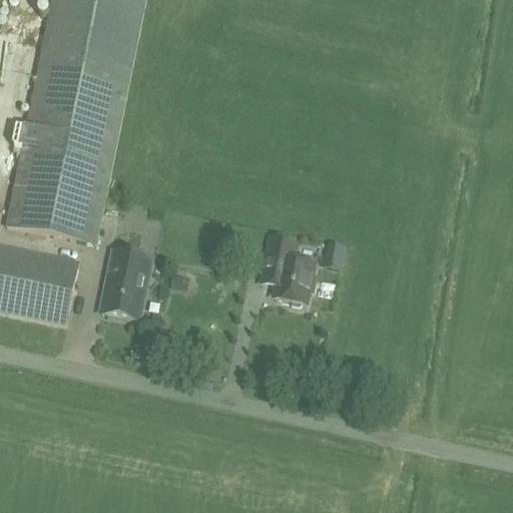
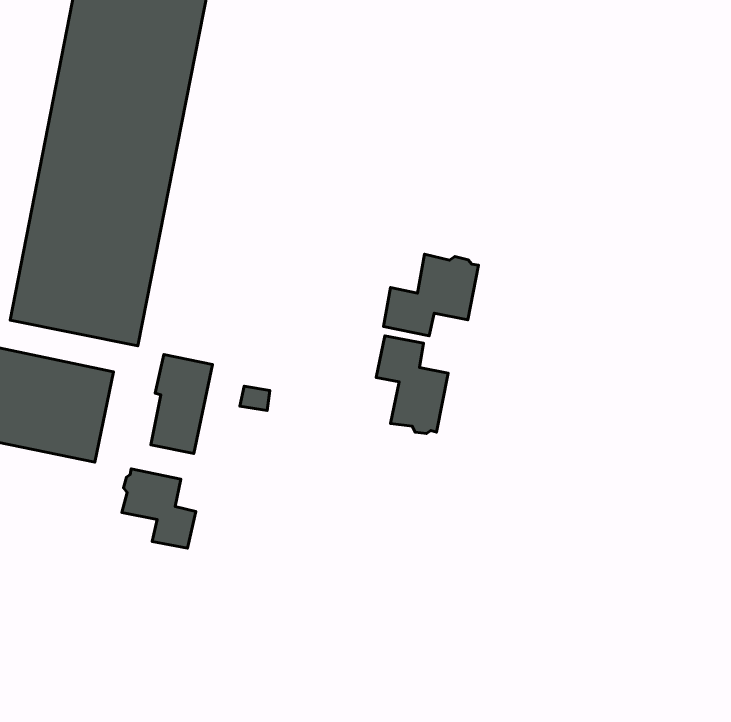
building: none -> [384,254,479,336]
building: none -> [122,469,196,548]

